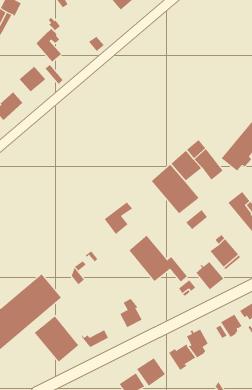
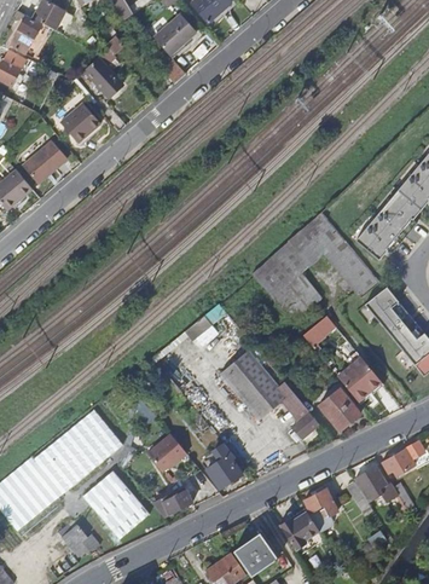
building: none -> [153,13,196,54]
building: none -> [146,433,186,470]
building: none -> [58,519,98,556]

